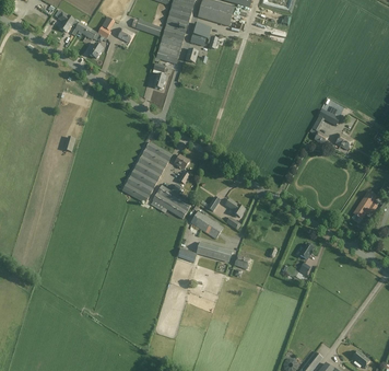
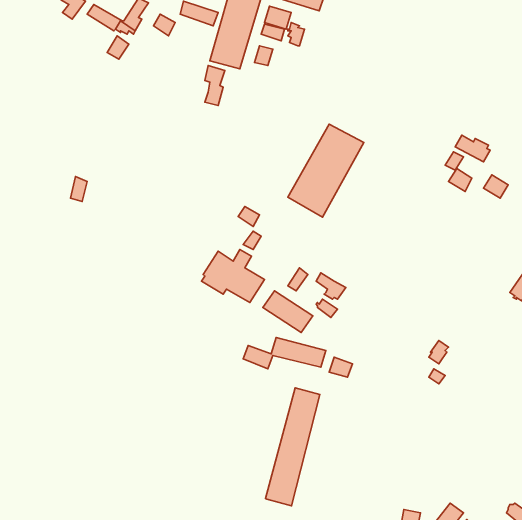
building: [121,142,172,204] -> [288,124,364,217]
building: none -> [266,388,320,506]

